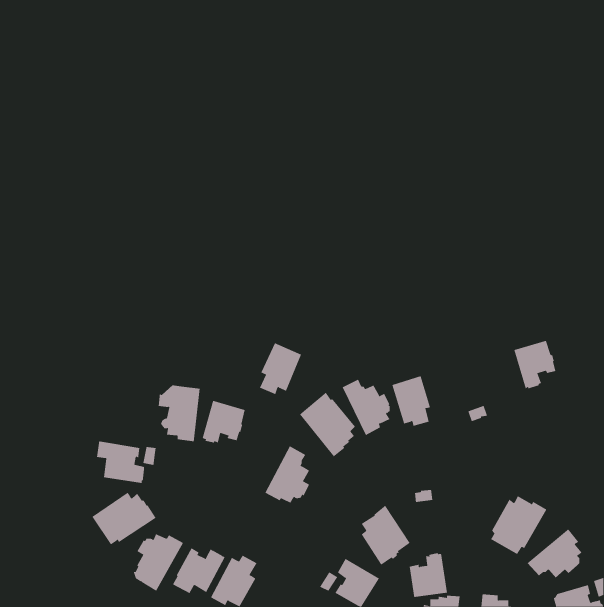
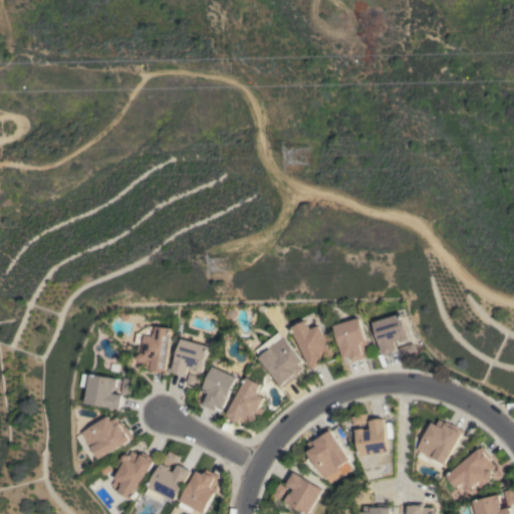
building: [513,340,556,389] -> [370,313,407,354]
building: [259,343,302,395] -> [199,366,235,411]
building: [409,552,448,598] -> [354,418,388,456]

